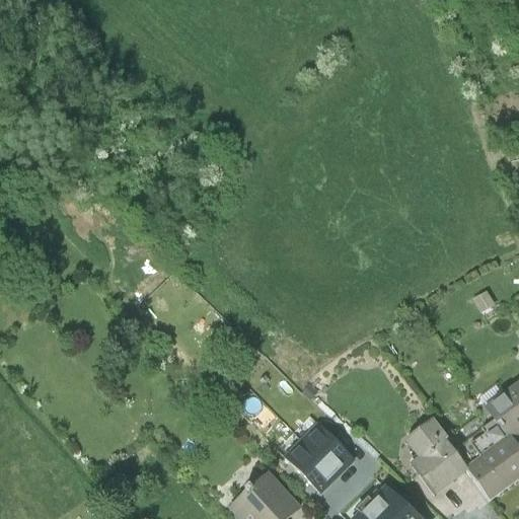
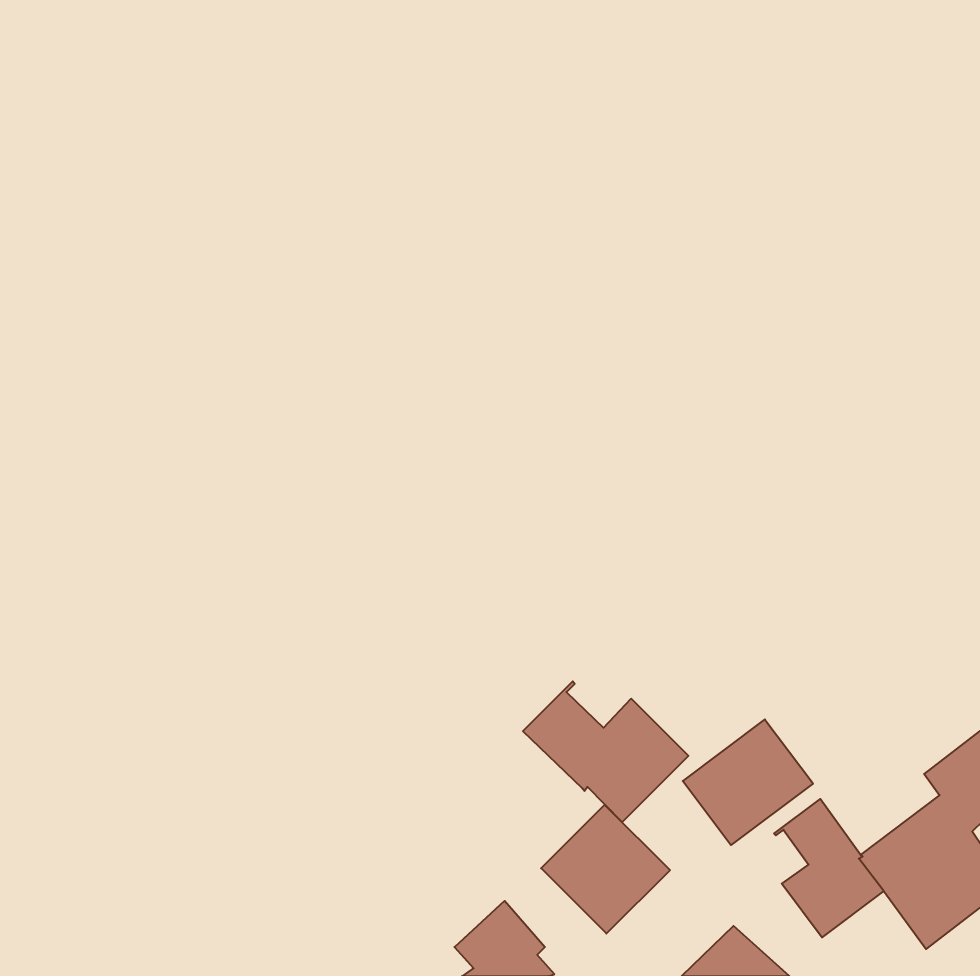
building: none -> [523,681,688,822]
building: none -> [683,719,813,845]

